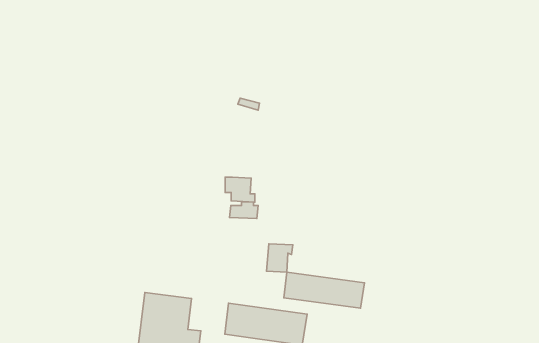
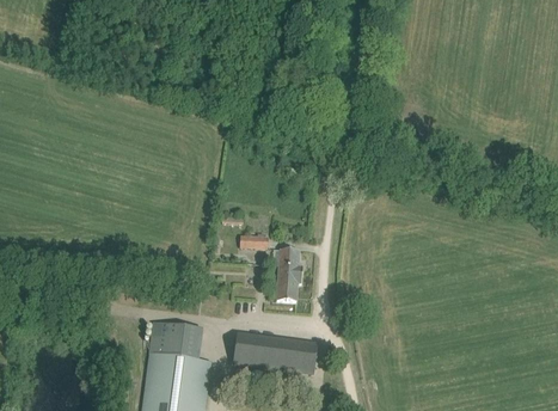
building: [225,177,255,202] -> [271,249,301,274]
building: [284,272,365,308] -> none

